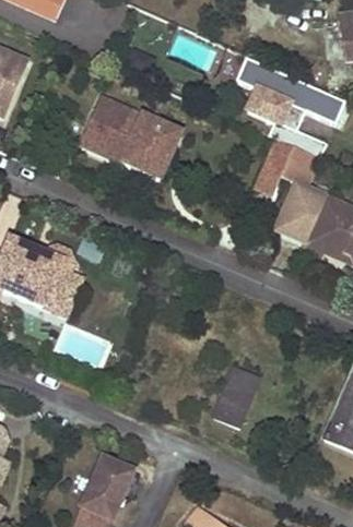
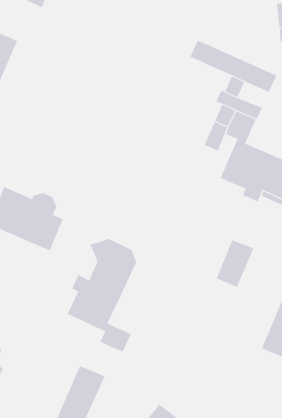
building: [79,95,180,176] -> none
building: none -> [67,238,137,352]
building: [212,367,259,426] -> [216,239,254,287]

